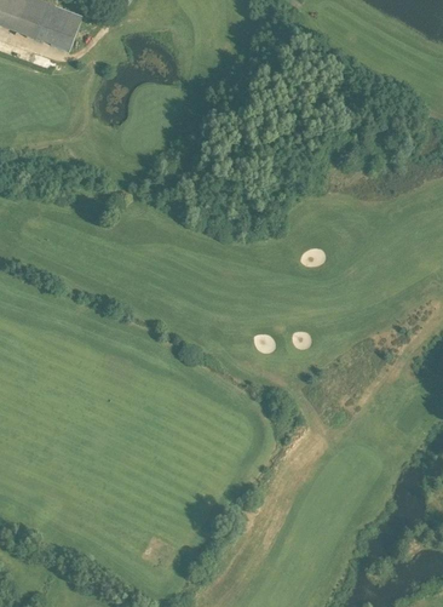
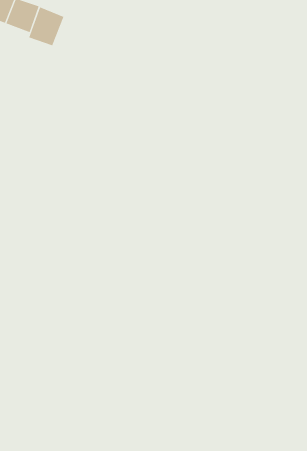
building: none -> [28,7,64,46]

